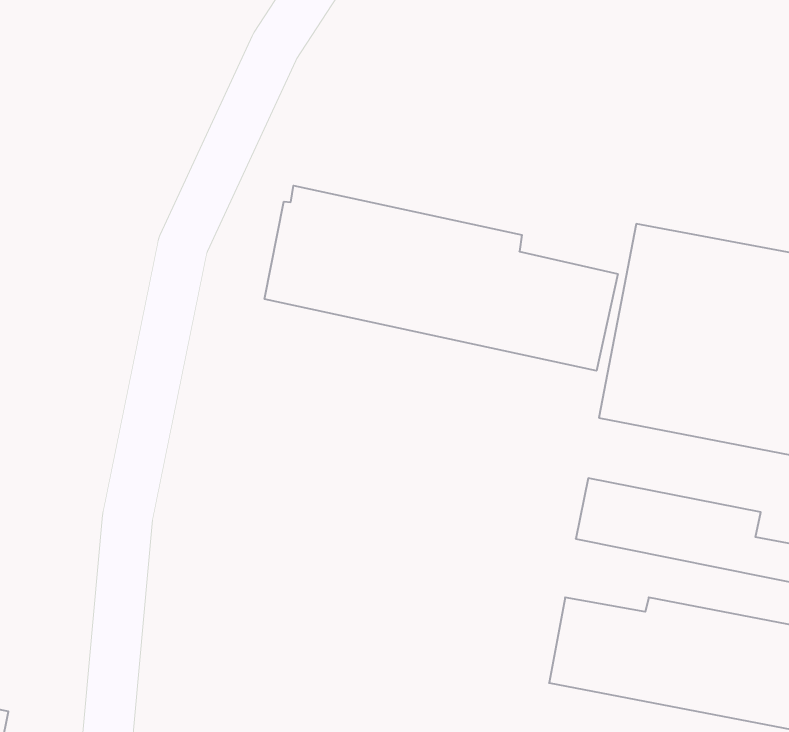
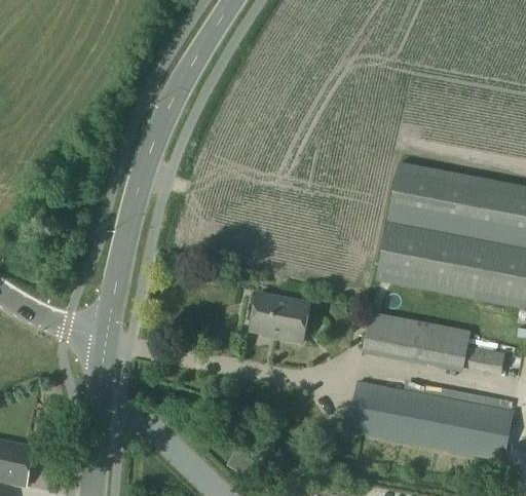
building: [265,186,618,371] -> none
building: none -> [250,293,310,344]

